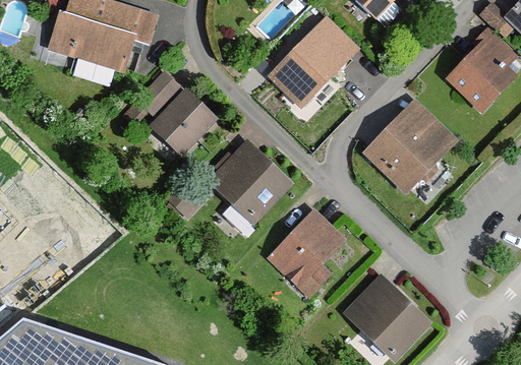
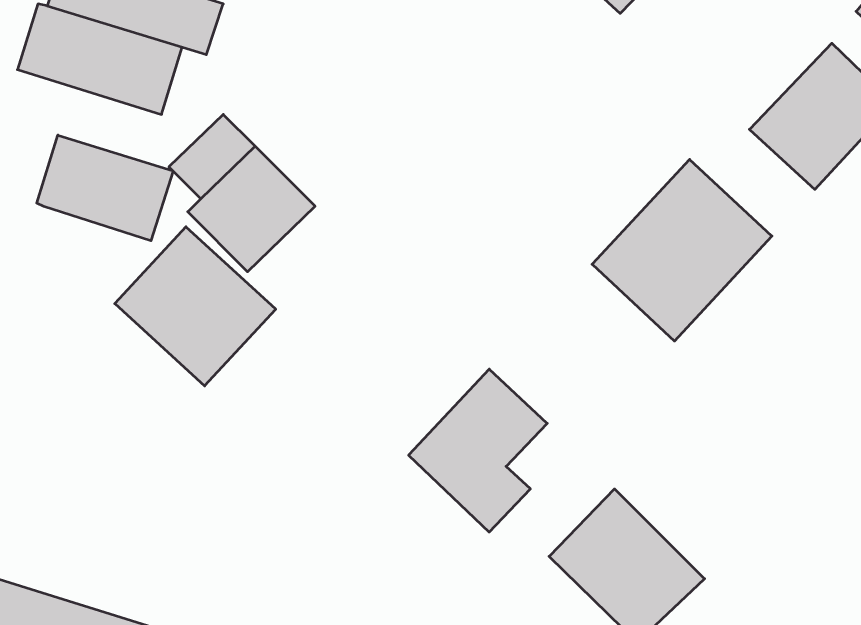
building: [269,16,358,108] -> none
building: none -> [37,135,173,241]
building: [202,141,290,228] -> [115,227,276,386]

